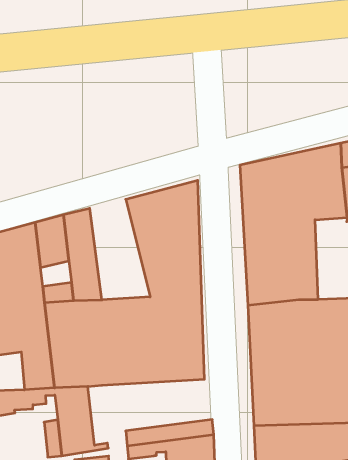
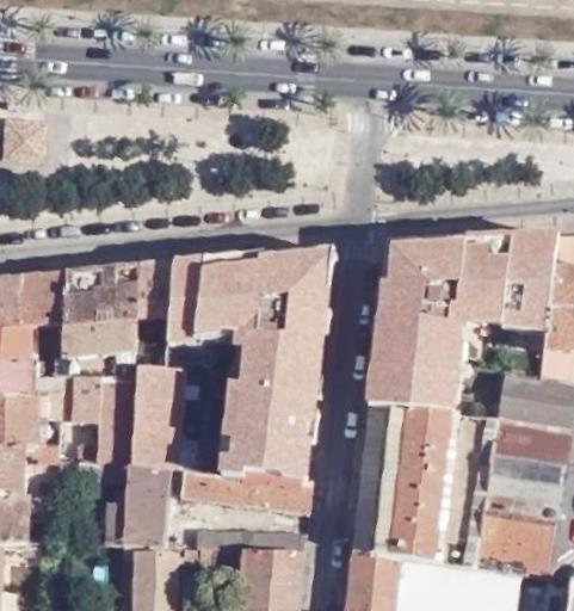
building: none -> [199,259,257,378]
building: none -> [181,473,311,513]

